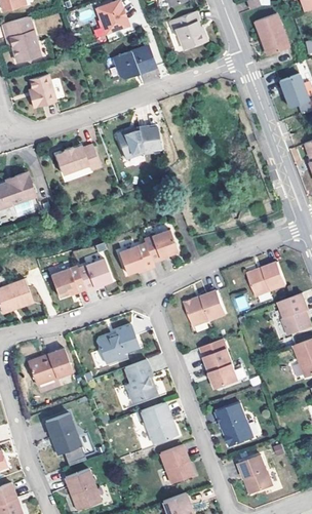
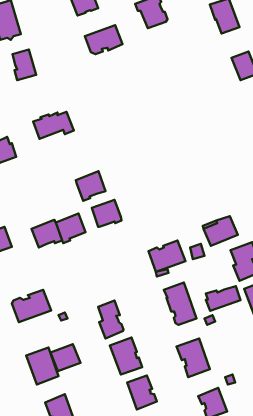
building: [117,125,160,159] -> none
building: [145,230,179,264] -> [76,171,106,201]
building: [98,325,140,364] -> none
building: none -> [206,286,241,311]
building: none -> [50,344,80,371]

